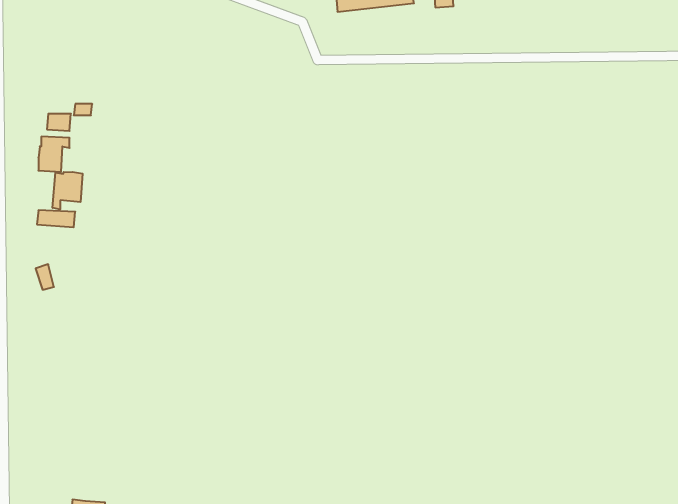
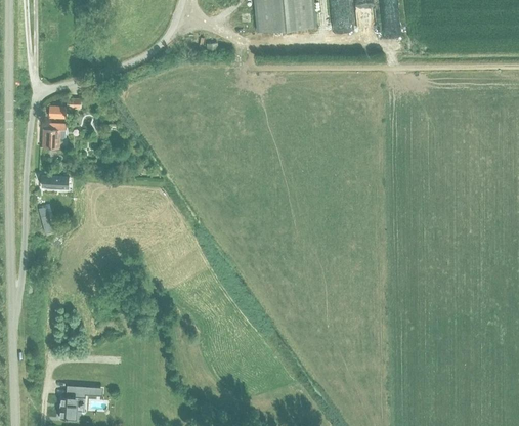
building: [53,172,83,209] -> none

